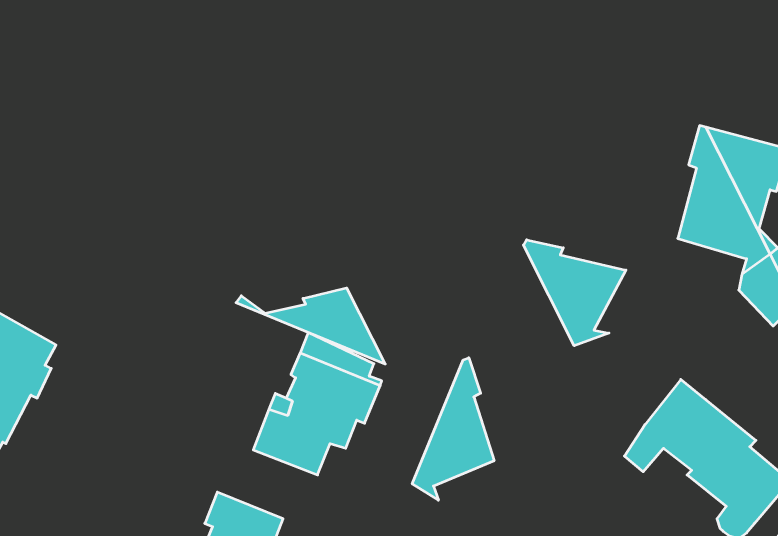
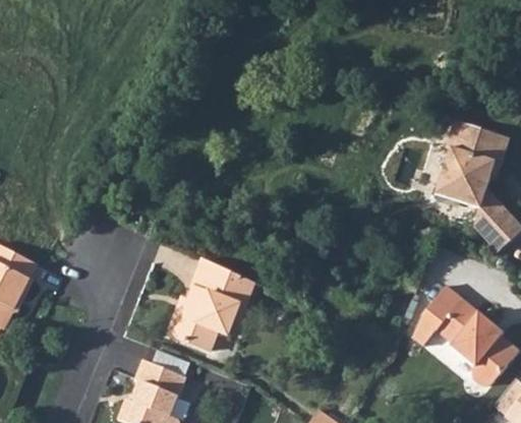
building: [523,240,626,346] -> none
building: [236,288,385,364] -> none
building: [412,358,494,500] -> none

